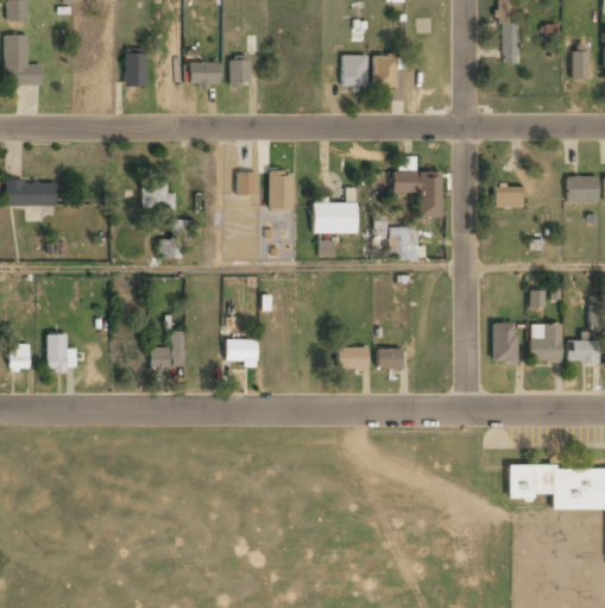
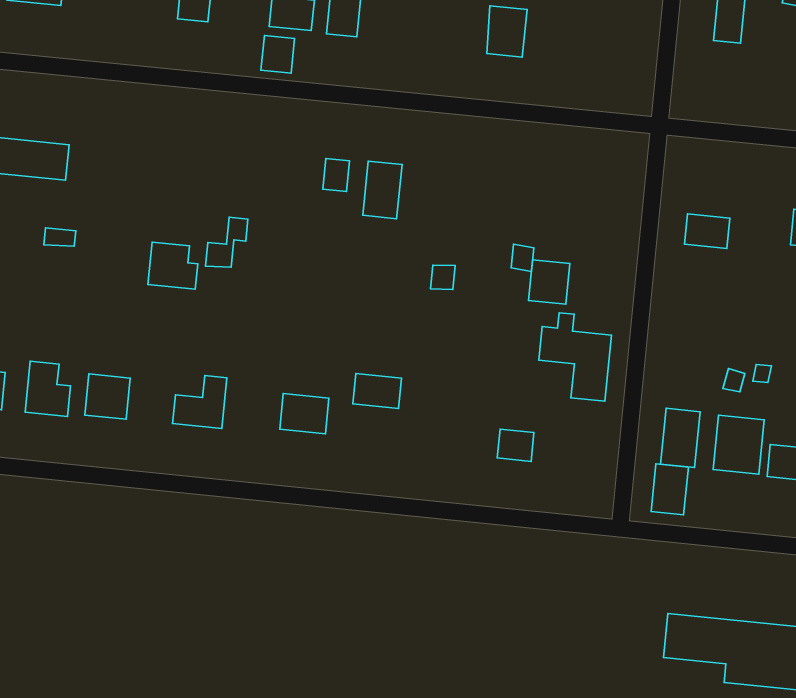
building: [373,55,398,88] -> none
building: none -> [261,35,295,73]
building: [395,157,443,215] -> [539,313,611,401]
building: [144,180,177,209] -> [148,242,198,289]
building: [314,189,358,233] -> none
building: none -> [85,374,130,419]
building: [338,347,370,369] -> [353,374,402,409]
building: none -> [651,464,688,515]

